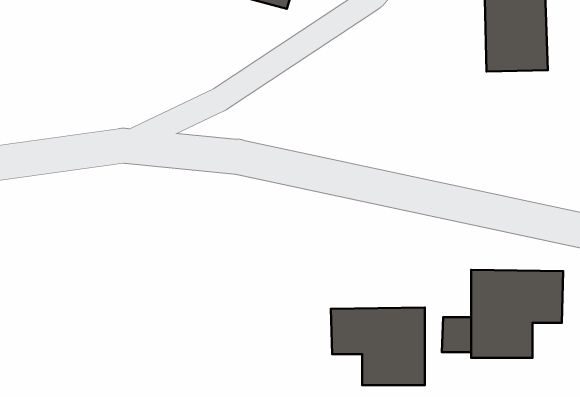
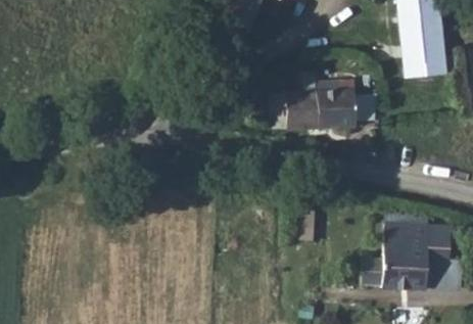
building: none -> [270,78,361,127]
building: [331,308,425,385] -> none

